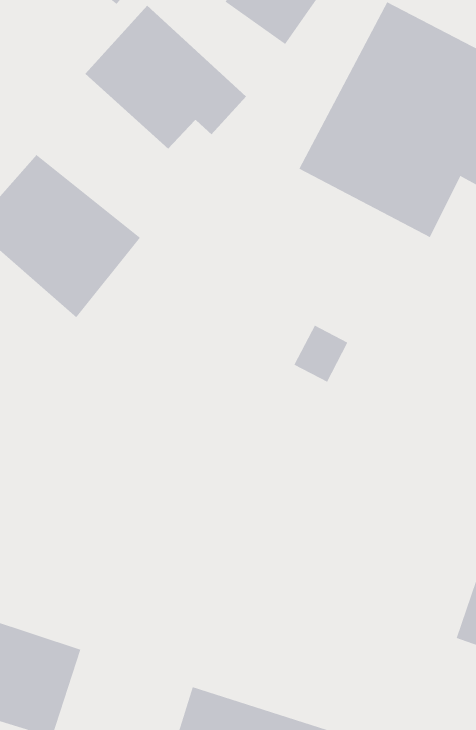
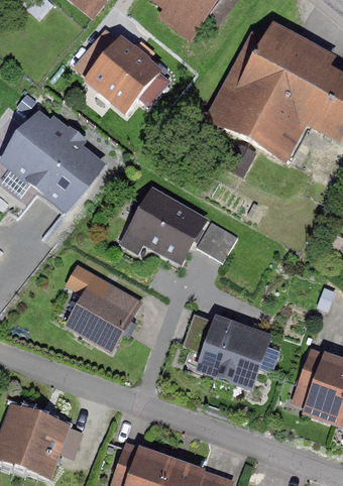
building: none -> [117,183,208,265]
building: none -> [64,281,142,352]
building: none -> [194,315,270,390]

